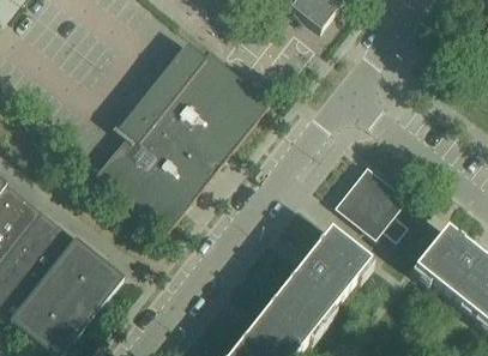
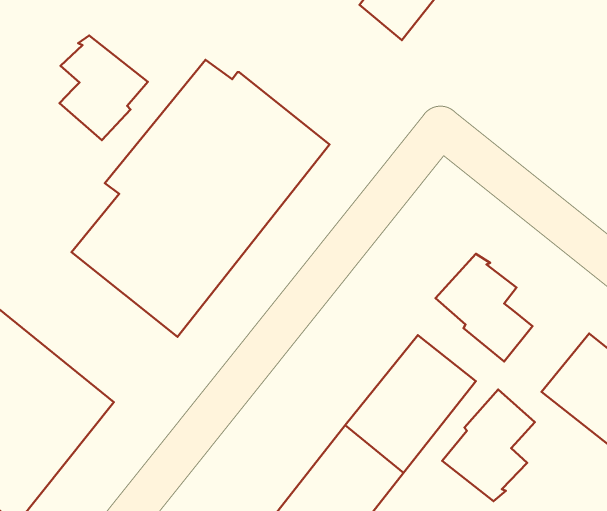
building: none -> [59,35,148,140]
building: none -> [442,390,535,501]

